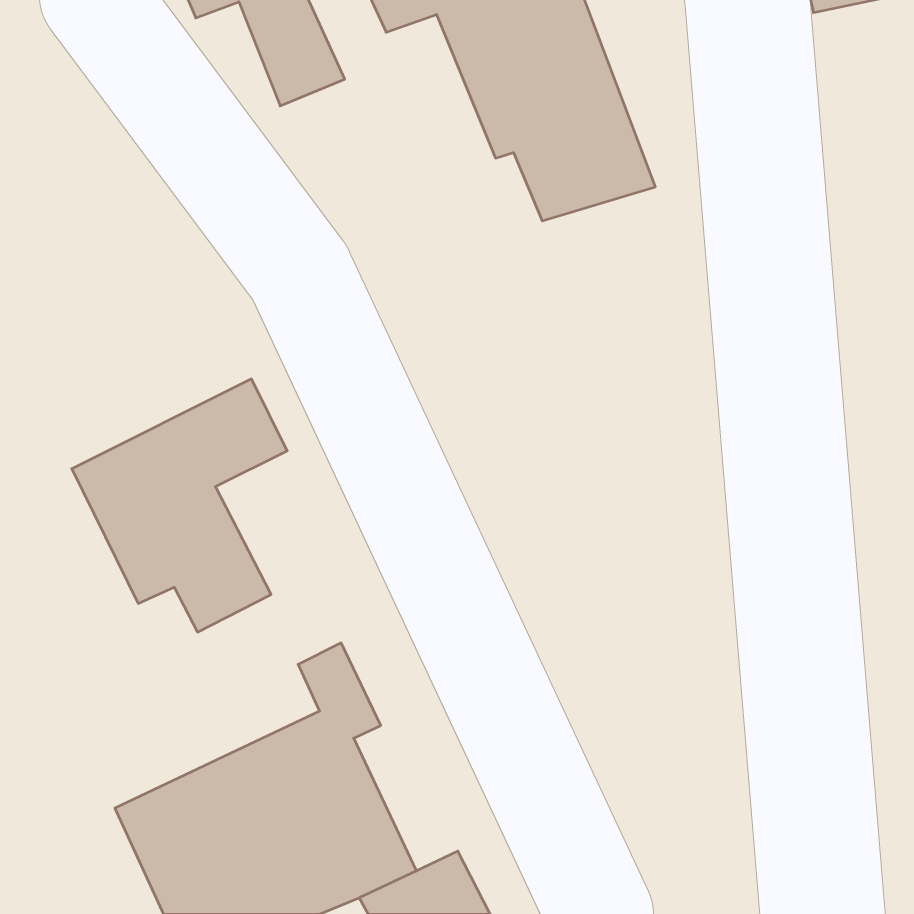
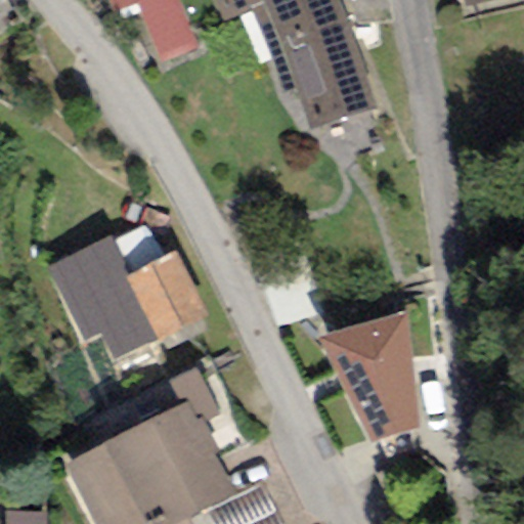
building: none -> [125,251,208,339]
building: none -> [320,313,420,440]

